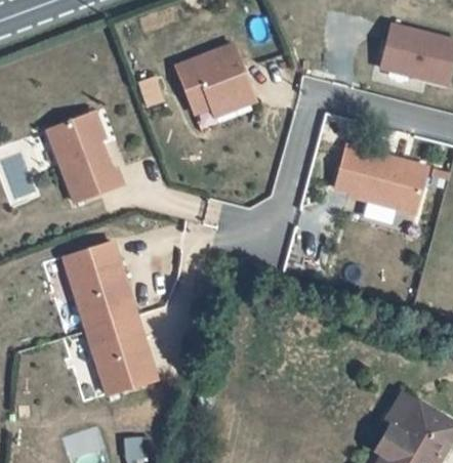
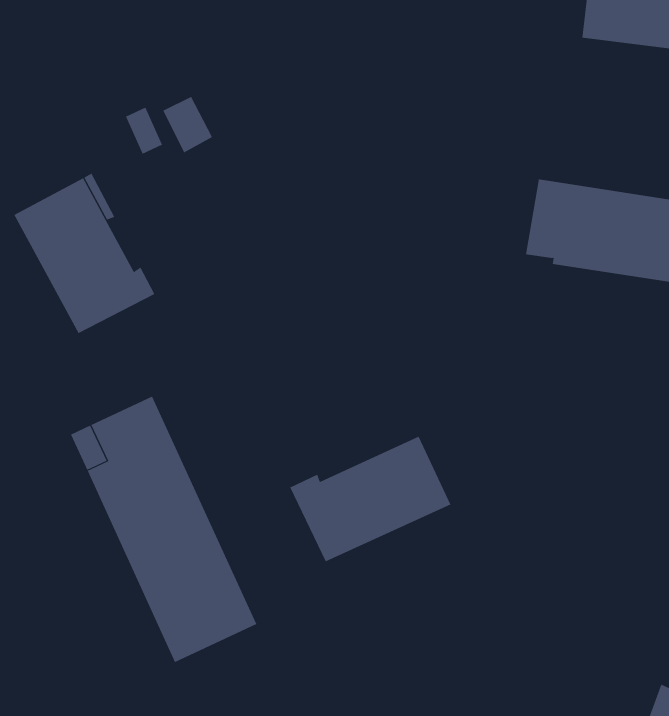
building: [180,43,255,112] -> none
building: none -> [289,436,451,562]

